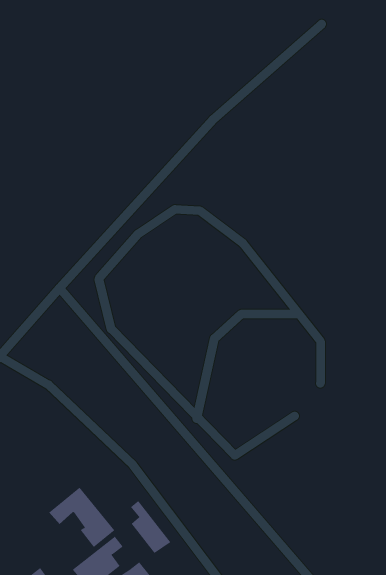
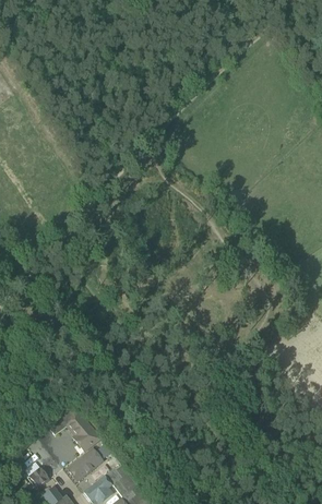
building: [130,500,171,554] -> none

